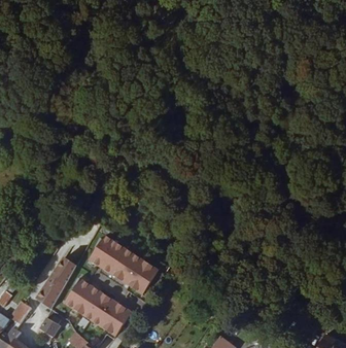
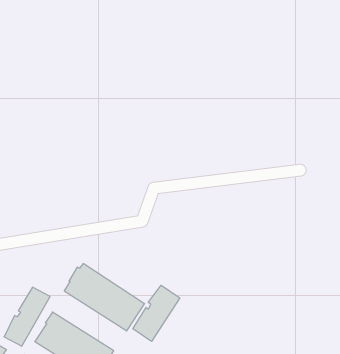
building: none -> [133,285,180,341]

